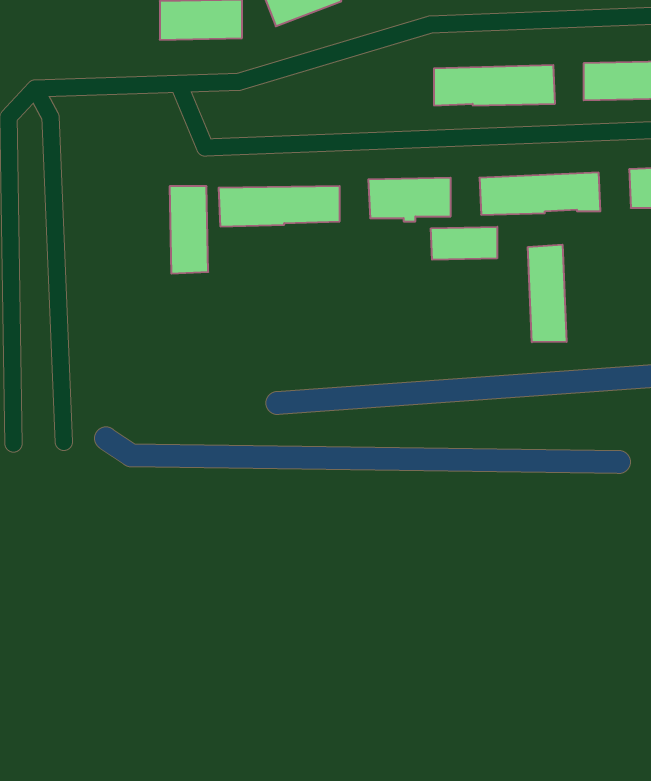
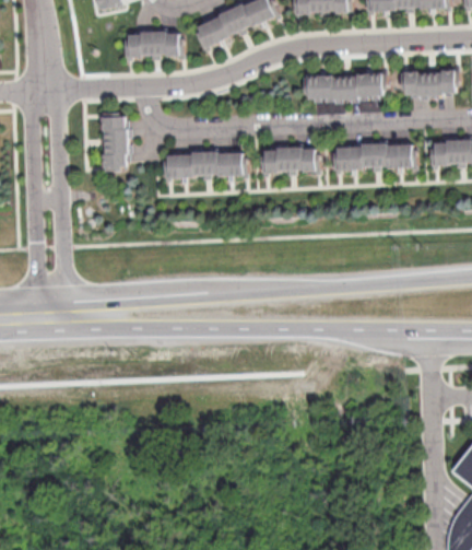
building: [170,186,208,274] -> [102,114,127,171]
building: [431,227,497,260] -> none
building: [528,245,567,342] -> none

